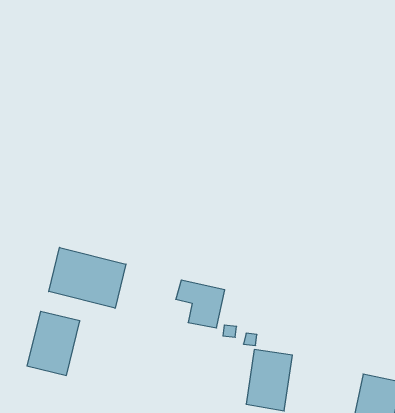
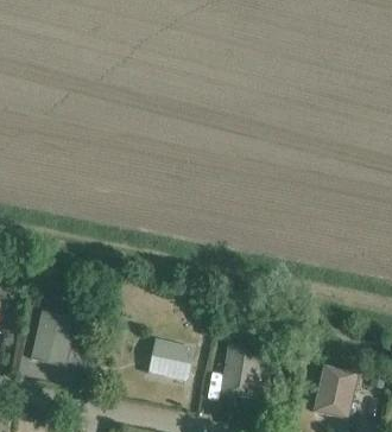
building: [49,247,126,308] -> none
building: [176,280,225,328] -> [151,339,194,381]

